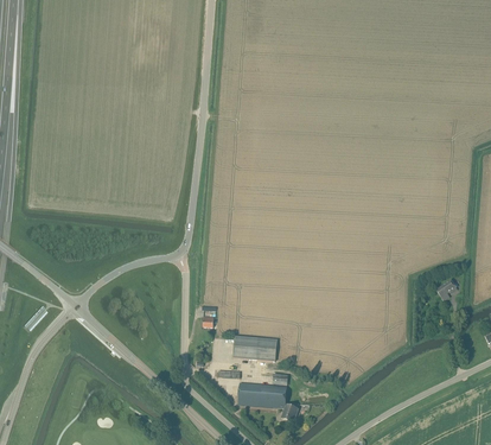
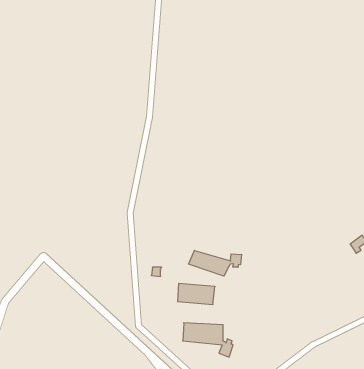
building: none -> [188,250,241,276]

